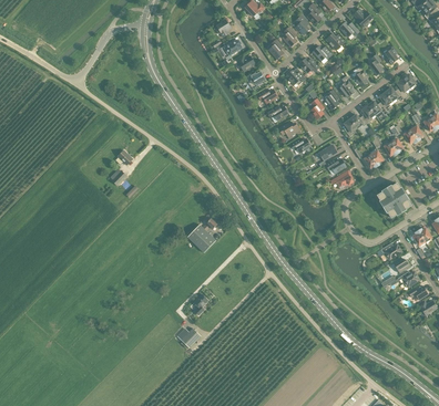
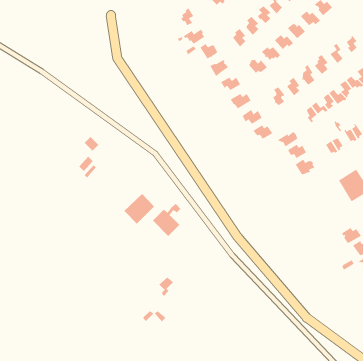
building: none -> [123,193,155,224]

